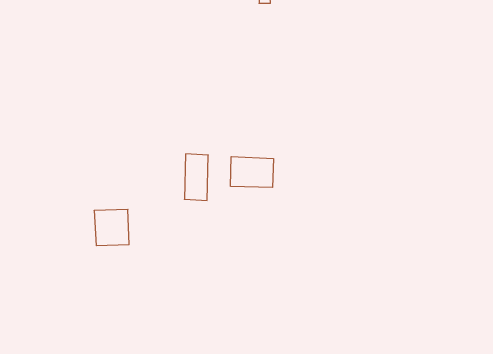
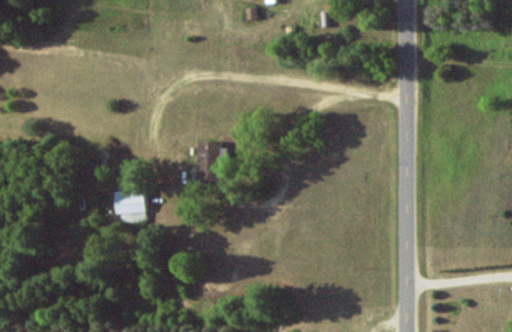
building: [231,157,273,187] -> none

